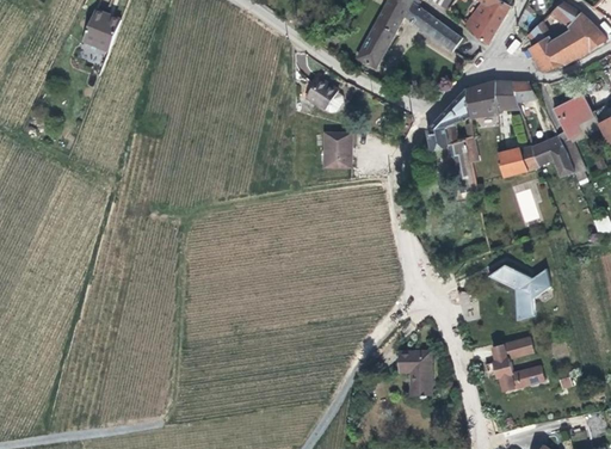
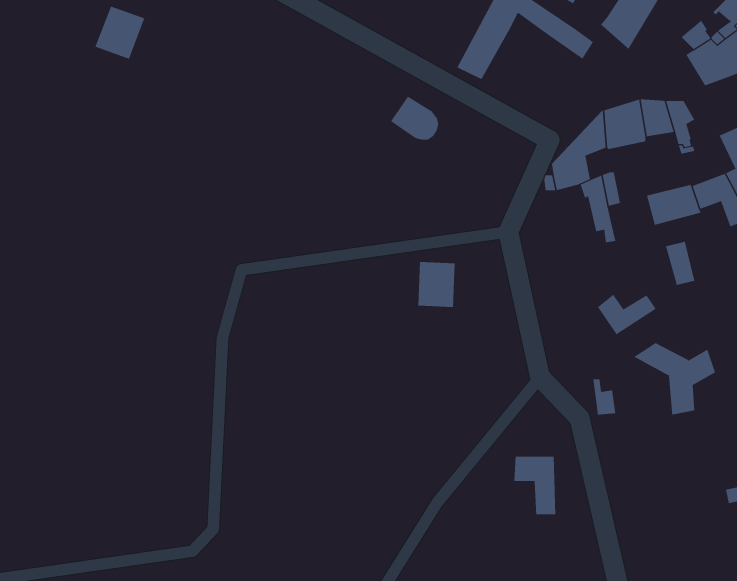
building: [325,133,353,167] -> [417,262,455,307]
building: none -> [597,294,657,335]
building: [490,338,542,393] -> none

